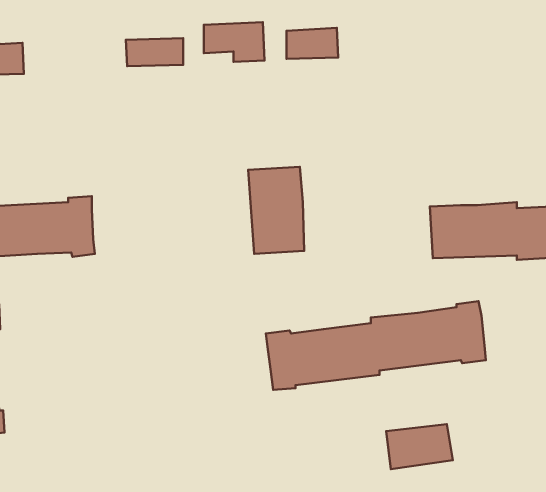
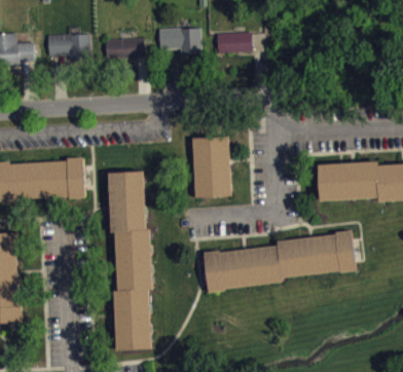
building: none -> [47,39,90,67]
building: none -> [107,169,154,348]
building: [386,424,453,469] -> none

